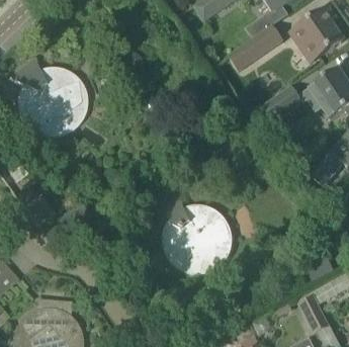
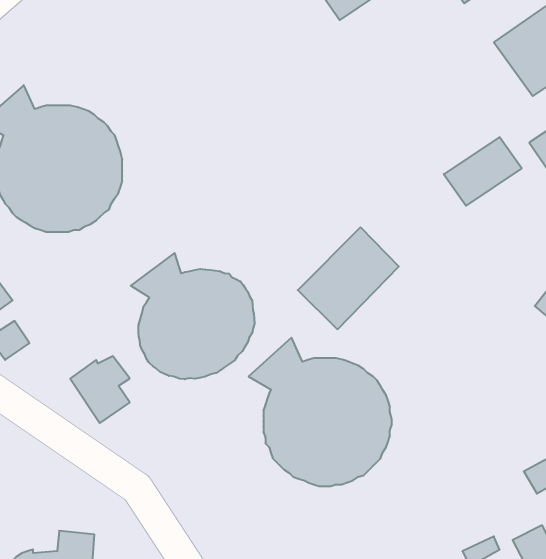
building: [228,22,284,70] -> none
building: none -> [298,227,399,329]
building: none -> [131,253,255,379]

